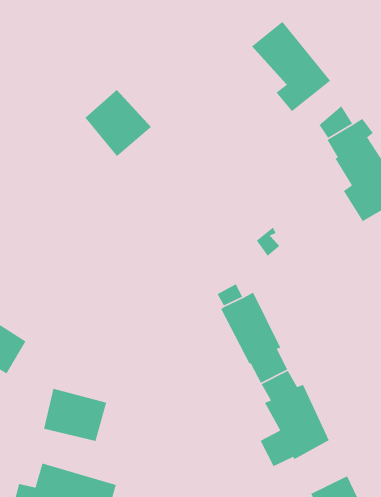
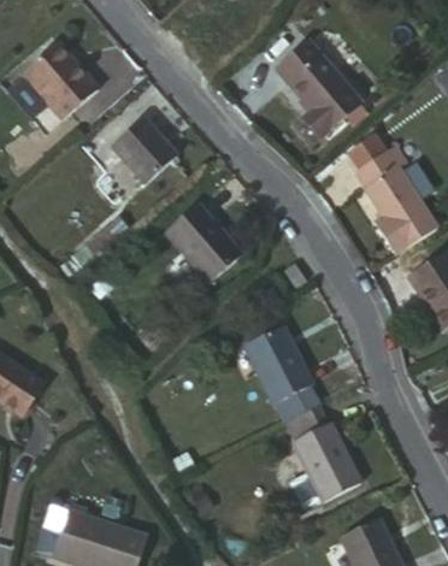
building: none -> [24,42,99,118]
building: none -> [163,205,238,284]
building: [43,388,107,442] -> none

